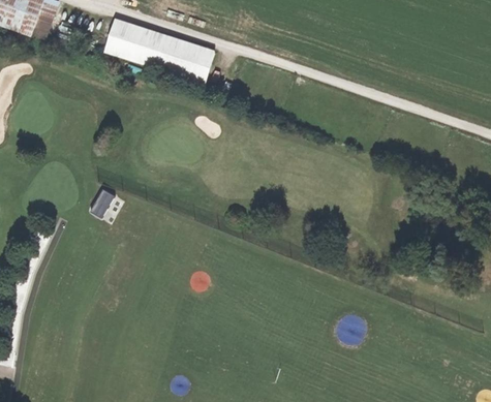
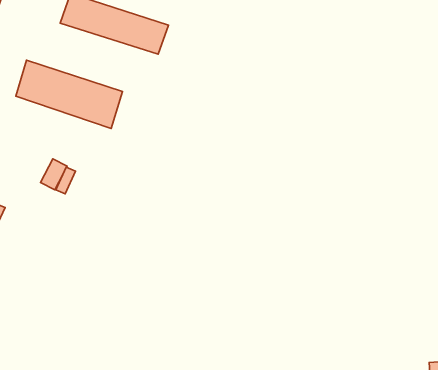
building: none -> [16,60,123,128]

